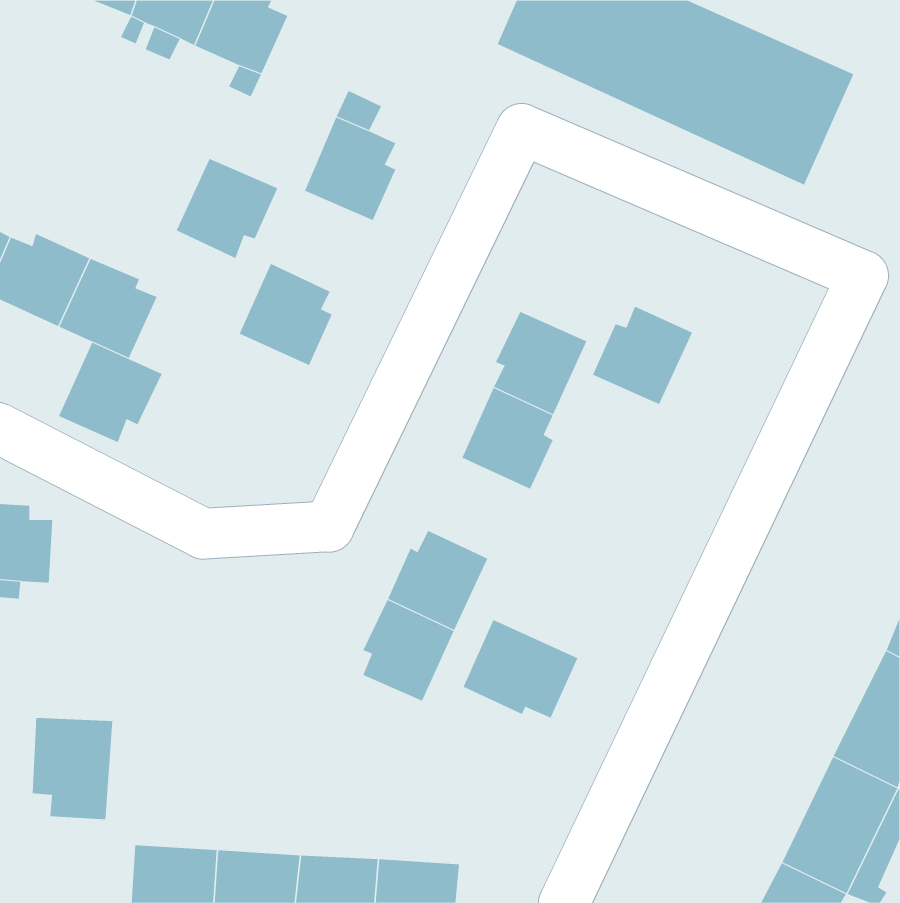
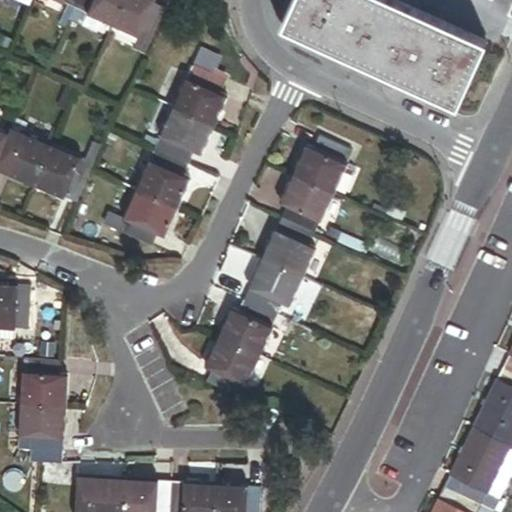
building: [176,158,278,259] -> [153,108,211,165]
building: [592,306,693,405] -> [294,137,351,193]
building: [58,342,163,443] -> [116,189,175,246]
building: none -> [242,259,300,316]
building: [463,619,578,719] -> none
building: none -> [20,360,65,408]

